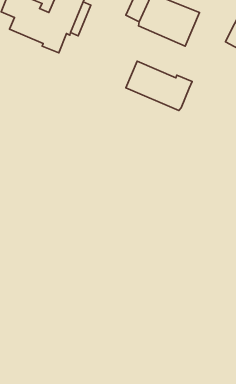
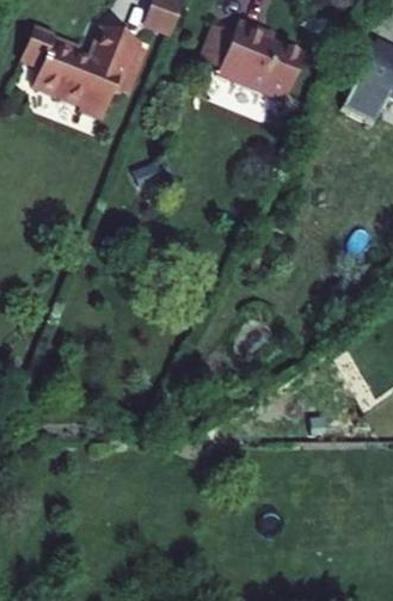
building: [126,61,192,110] -> none

